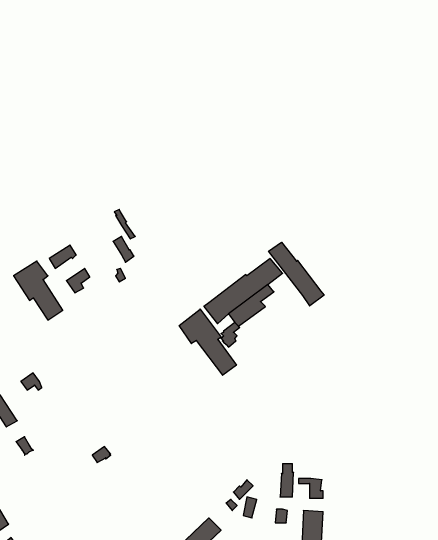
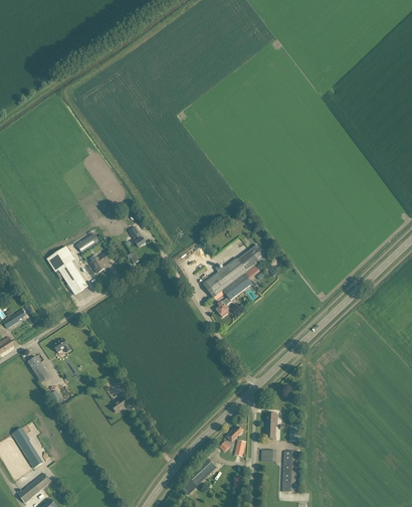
building: [269,242,324,306] -> none
building: [179,309,236,375] -> none

